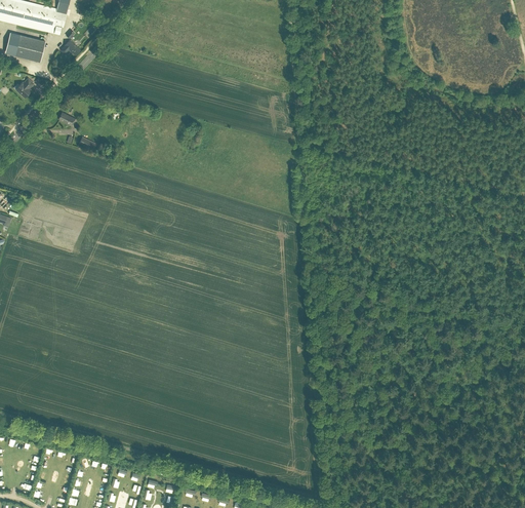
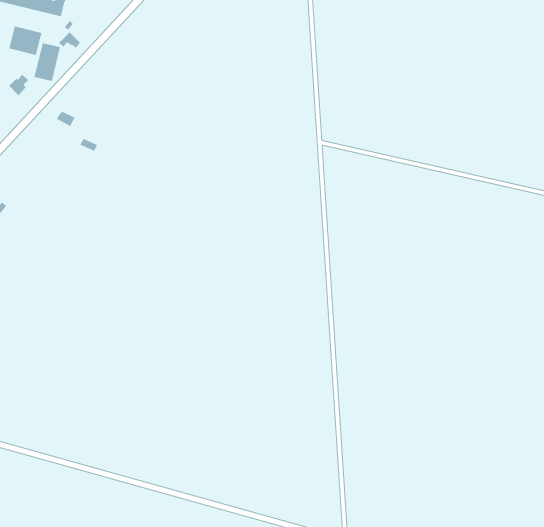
building: none -> [34,43,61,82]

